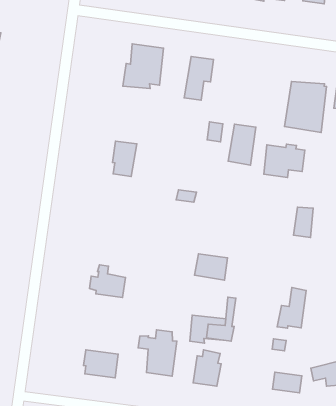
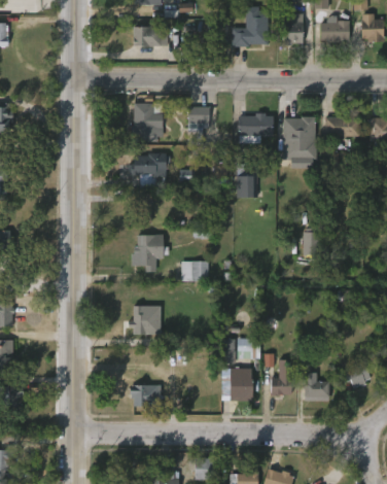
building: none -> [131,152,170,186]
building: [264,144,305,178] -> [238,112,273,142]
building: none -> [131,234,168,272]
building: [194,254,228,280] -> [180,261,208,281]
building: [277,287,306,328] -> [270,358,291,395]
building: [138,330,177,376] -> none

